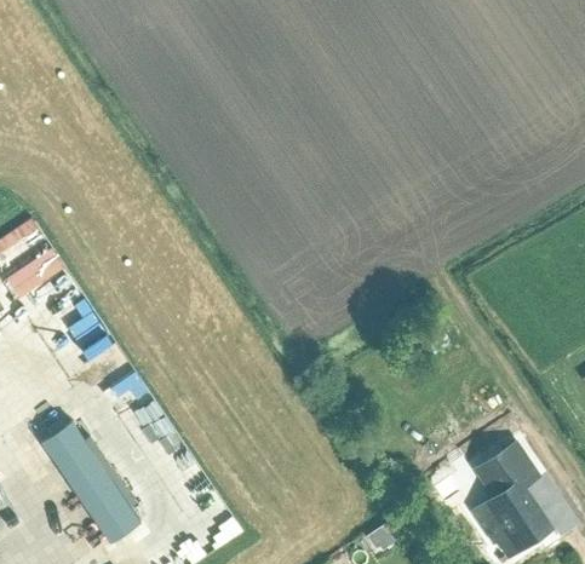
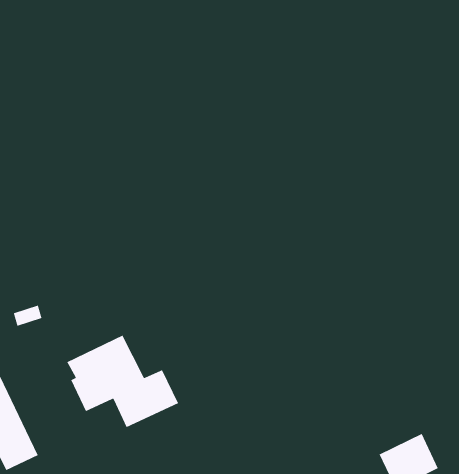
building: none -> [66,334,179,428]

